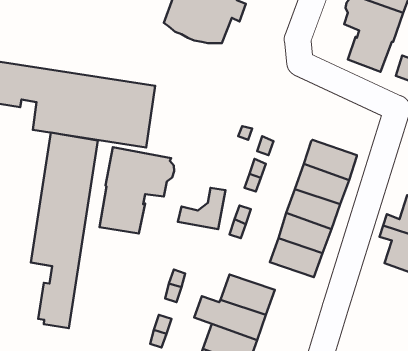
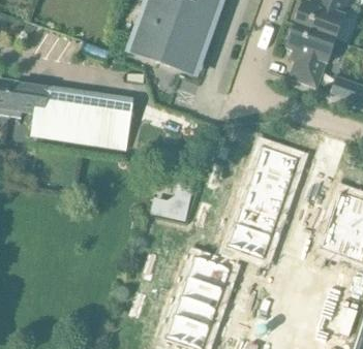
building: [31,133,98,328] -> none
building: [99,147,174,233] -> none

